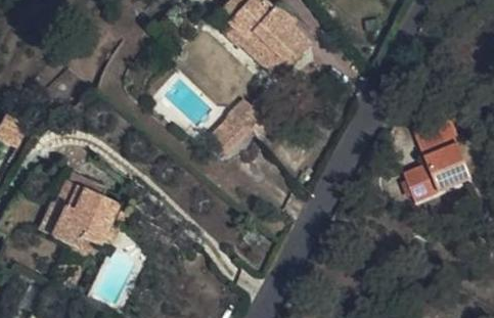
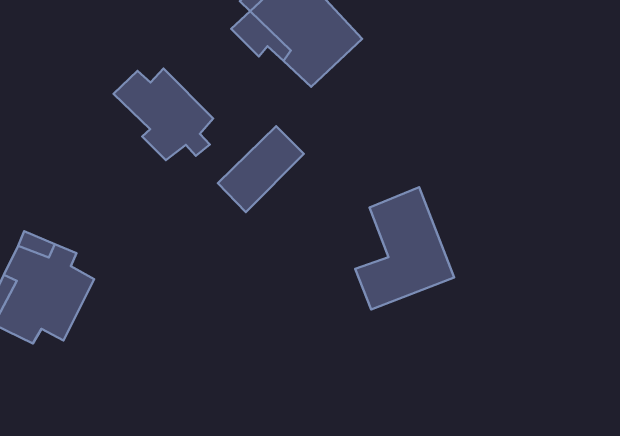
building: none -> [113,69,213,160]
building: [405,115,475,200] -> [355,187,454,310]

